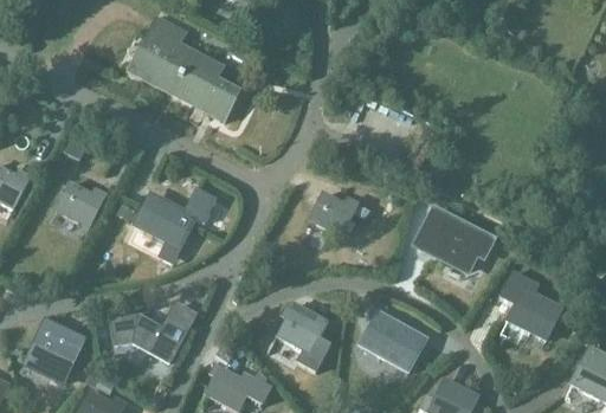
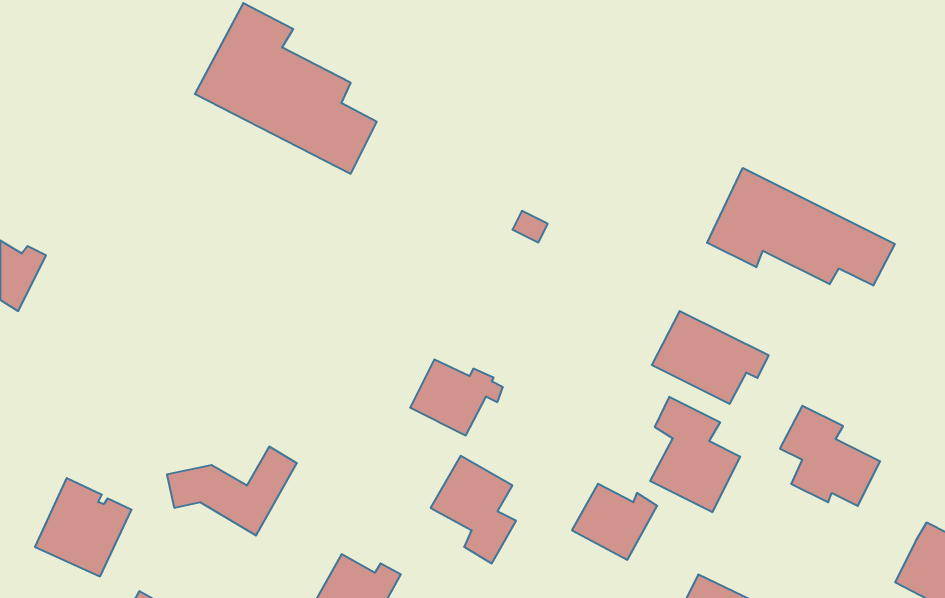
building: none -> [707,168,895,286]
building: [53,180,108,227] -> none
building: [135,188,214,247] -> none
building: [307,189,366,238] -> [410,359,503,435]
building: none -> [650,397,740,512]

